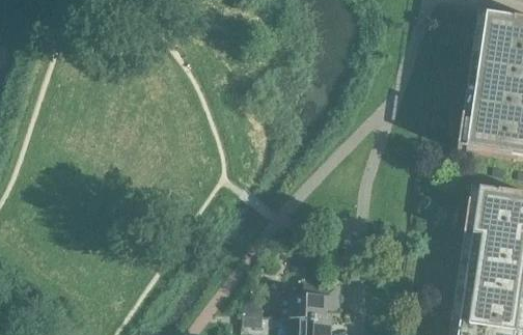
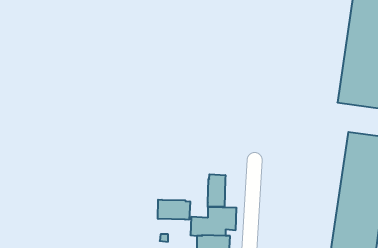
building: none -> [208,174,225,207]
building: none -> [158,200,190,220]

